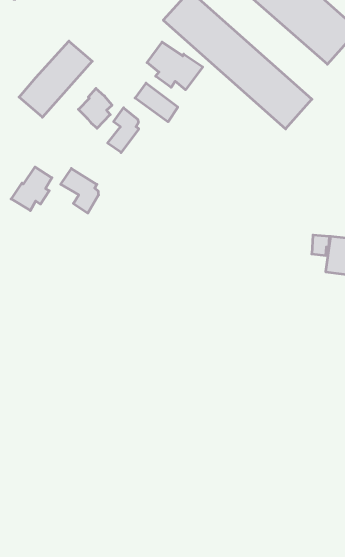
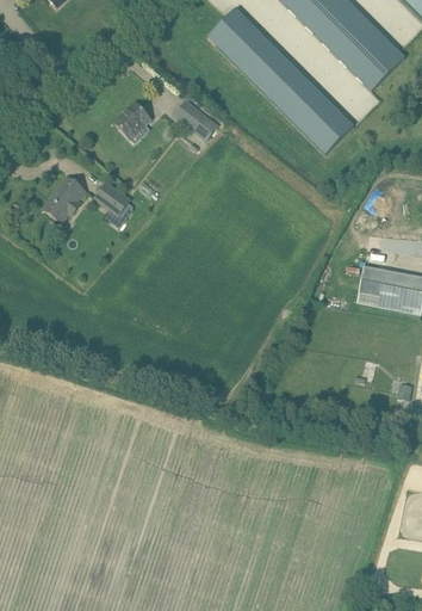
building: [19,41,92,117] -> none
building: [147,42,203,90] -> none
building: [108,108,139,153] -> none

